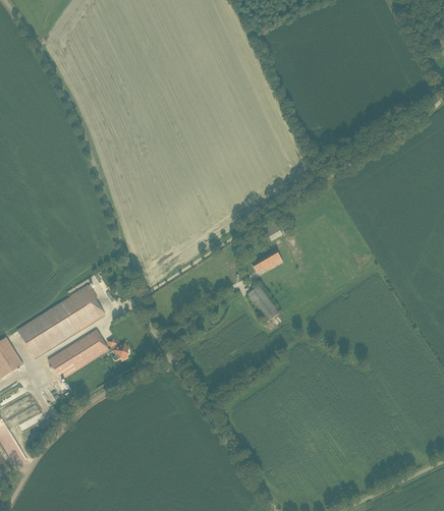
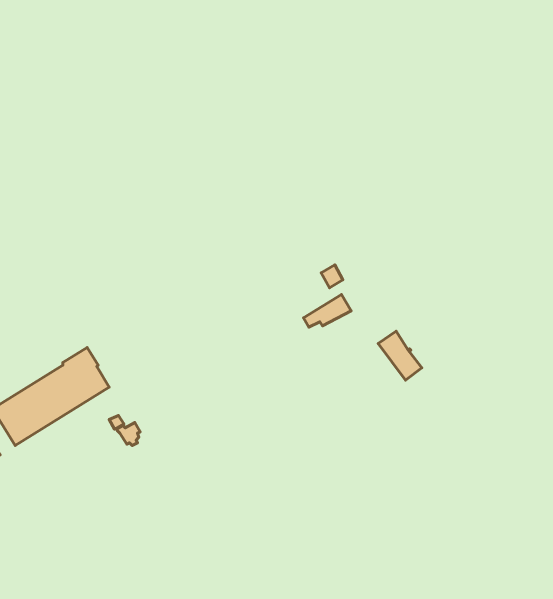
building: [245,283,278,320] -> [378,331,422,380]
building: [48,329,109,378] -> none

